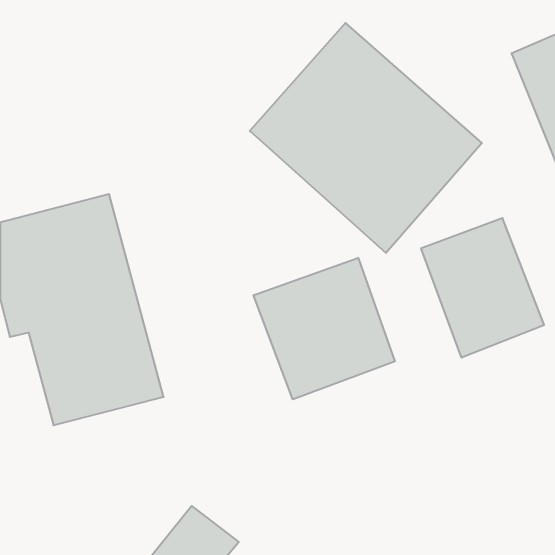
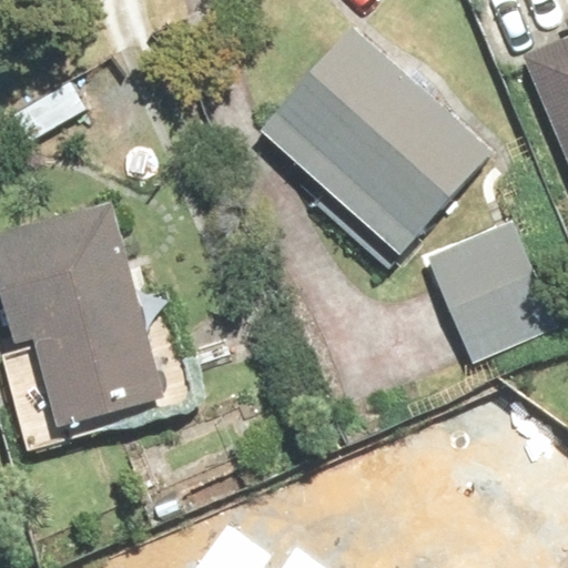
building: [254,258,395,399] -> none

